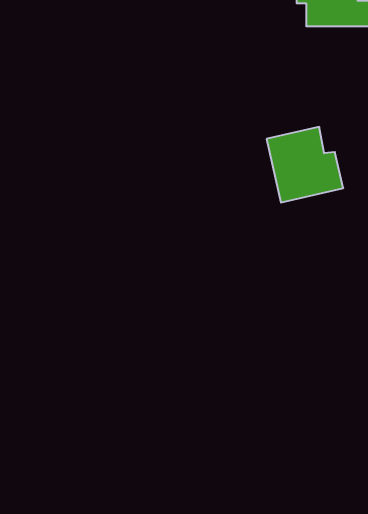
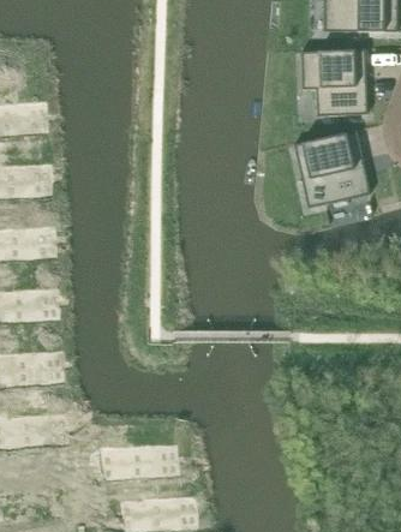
building: none -> [299,48,365,114]

